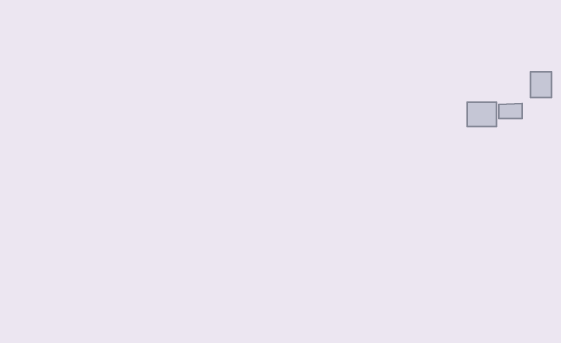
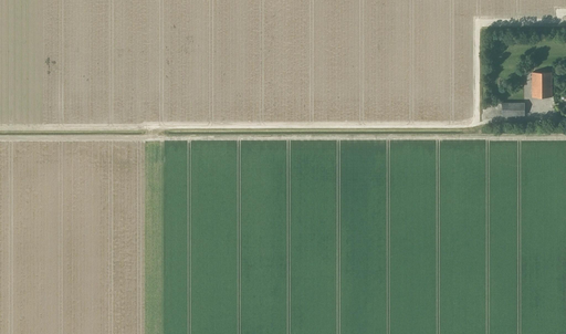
building: [467,102,496,126] -> none

